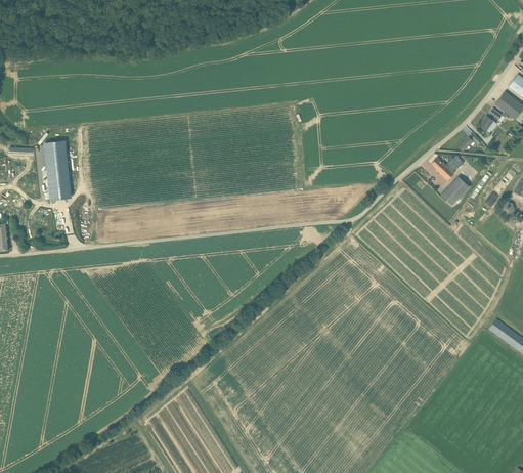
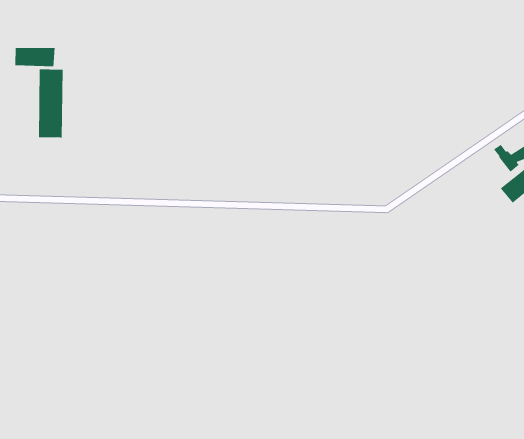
building: none -> [15,47,55,67]

